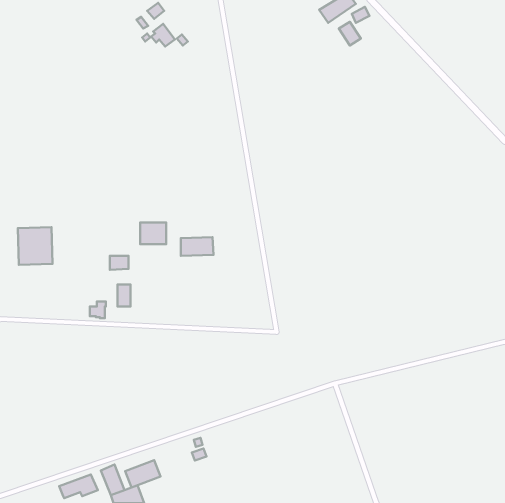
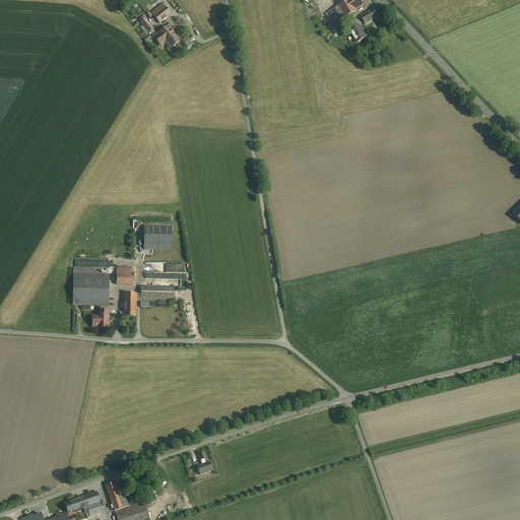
building: [18,227,52,265] -> [72,265,108,304]
building: [181,237,213,256] -> [140,281,174,301]
building: [125,460,160,488] -> none

